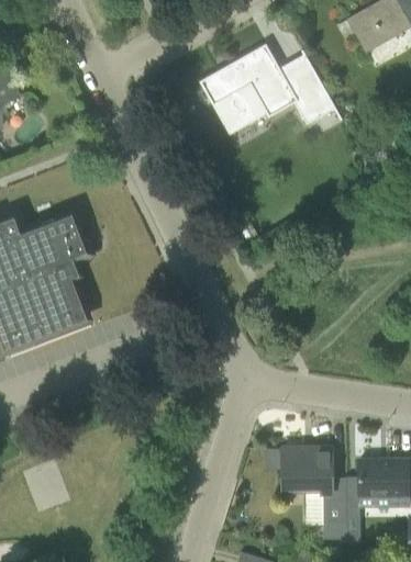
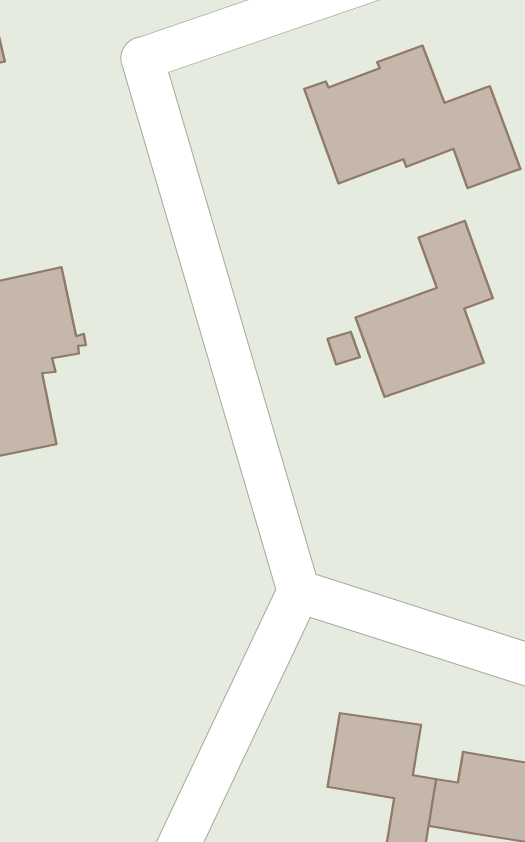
building: none -> [356,221,493,397]

